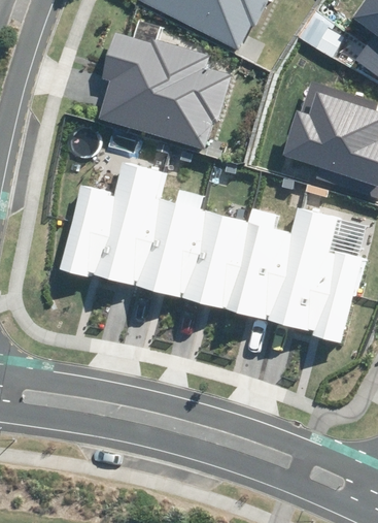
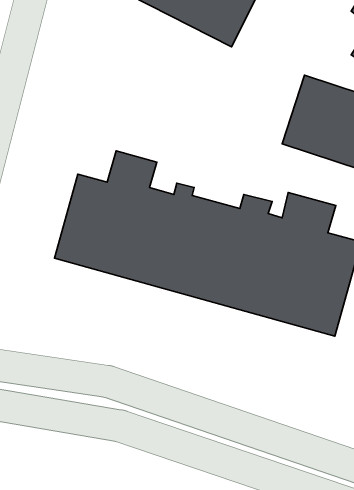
building: [100,31,233,145] -> none

